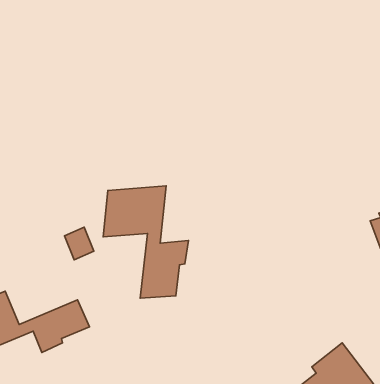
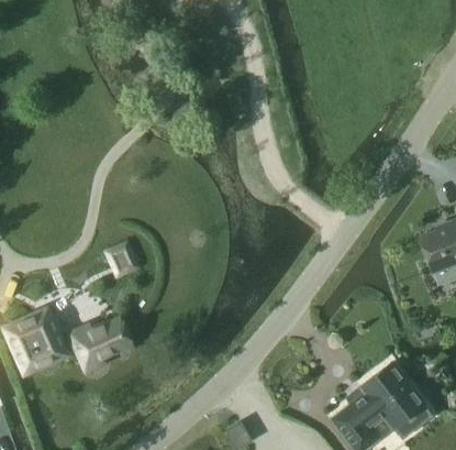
building: [103,186,189,298] -> none

